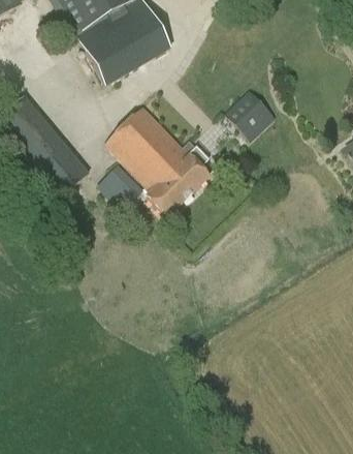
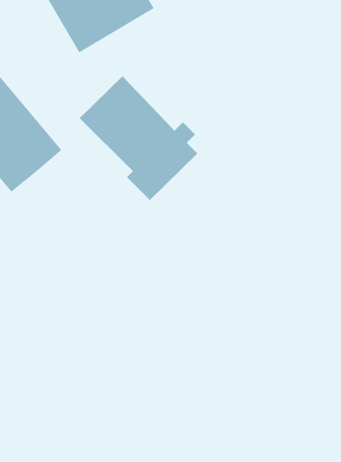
building: [223,87,276,139] -> none
building: [106,165,140,208] -> none

